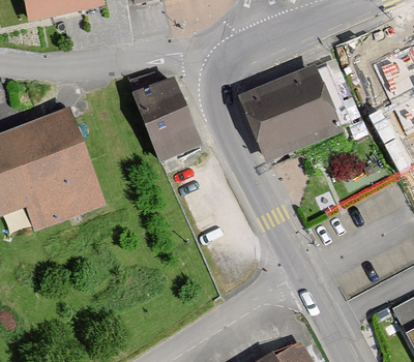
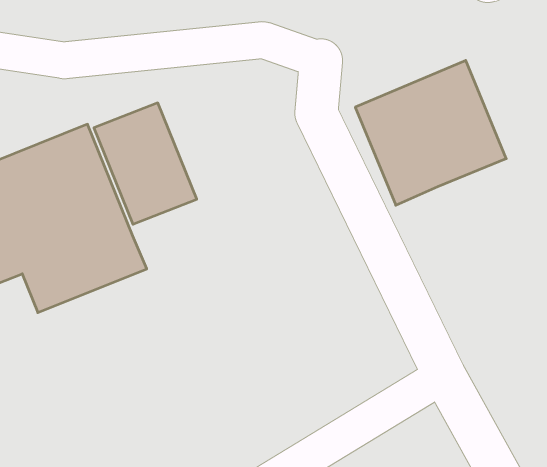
building: [132,78,201,158] -> [94,103,197,224]

